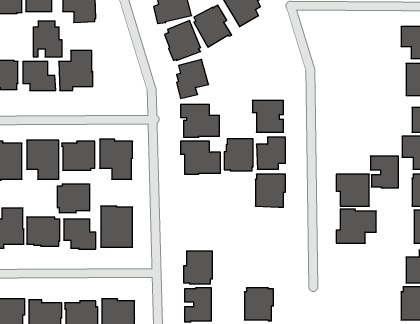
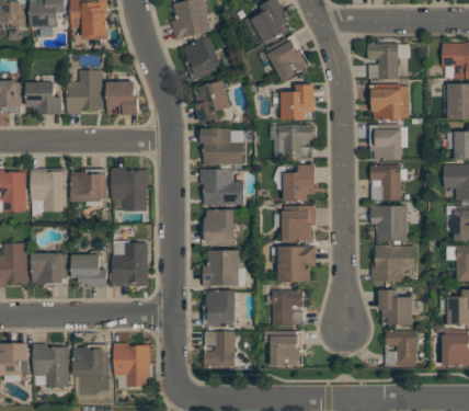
building: [194,5,232,47] -> [266,35,308,81]
building: [33,21,62,57] -> [106,76,138,115]
building: none -> [367,44,398,79]
building: none -> [281,84,313,121]
building: none -> [368,84,408,119]
building: none -> [369,125,401,160]
building: [224,139,253,171] -> [202,210,233,246]
building: [370,156,398,188] -> [369,165,400,201]
building: [58,184,89,213] -> none
building: none -> [277,246,314,282]
building: none -> [203,250,239,287]
building: none -> [272,289,302,326]
building: none -> [378,290,412,326]
building: none -> [385,331,415,366]

